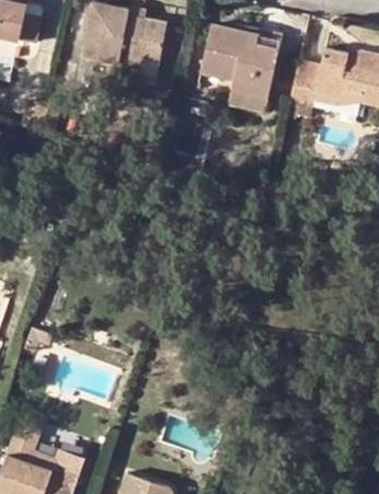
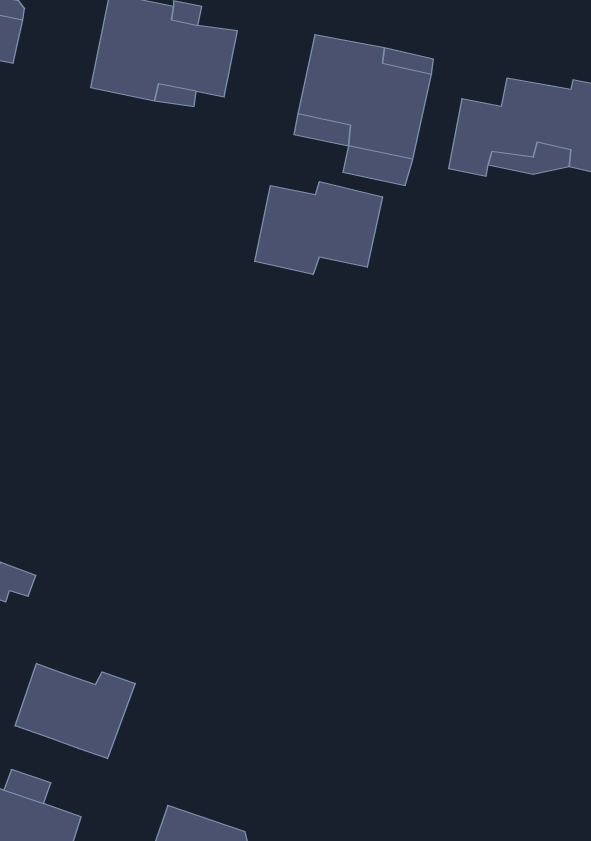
building: none -> [255,182,382,275]
building: none -> [15,663,135,759]

